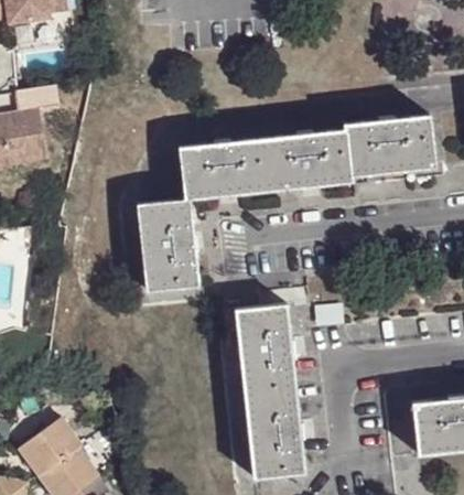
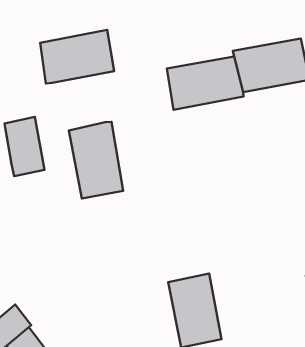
building: [180,140,267,200] -> [40,30,114,83]
building: none -> [4,117,45,176]
building: [235,305,295,399] -> none

